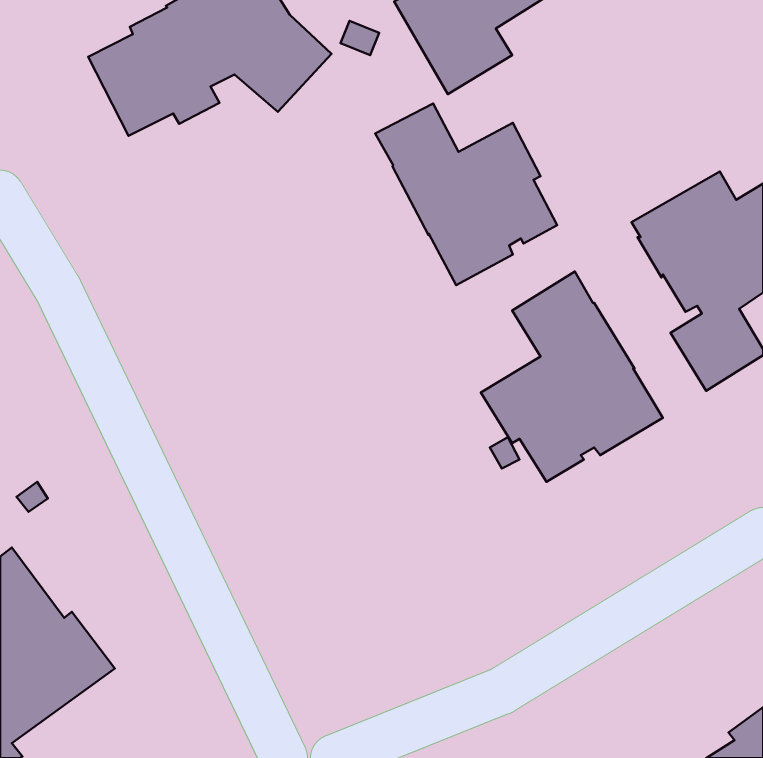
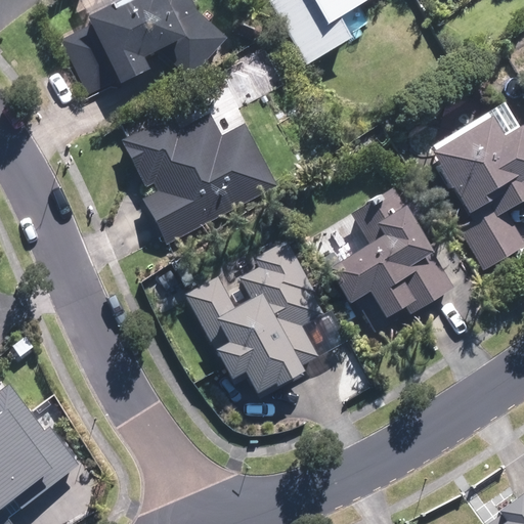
building: [375,104,557,285] -> none
building: none -> [122,112,278,243]
building: none -> [185,239,324,395]

